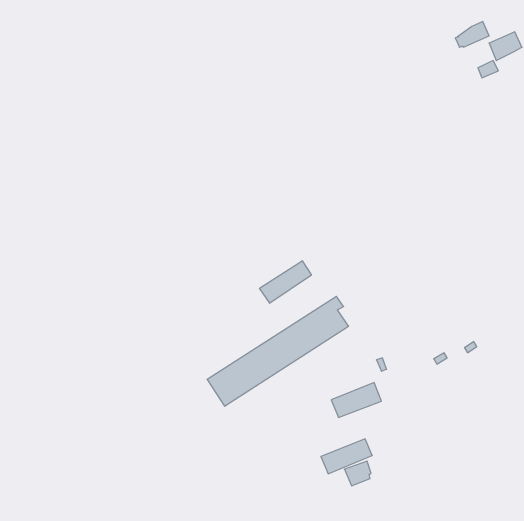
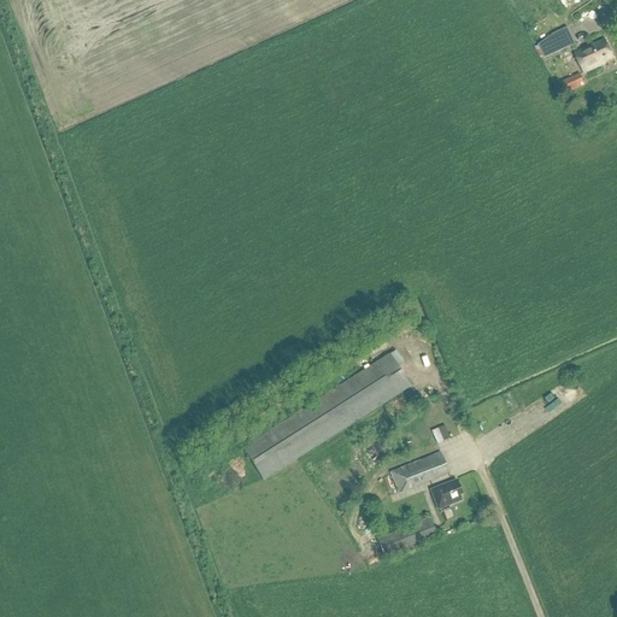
building: [260,261,311,303] -> none
building: [344,461,371,486] -> [430,478,462,507]

